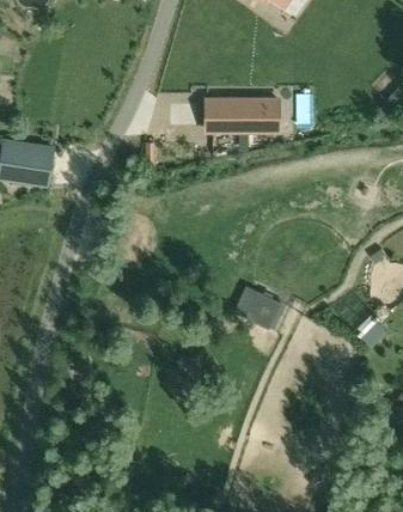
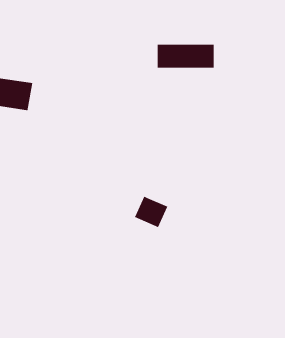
building: [236,286,277,325] -> [134,196,168,228]

